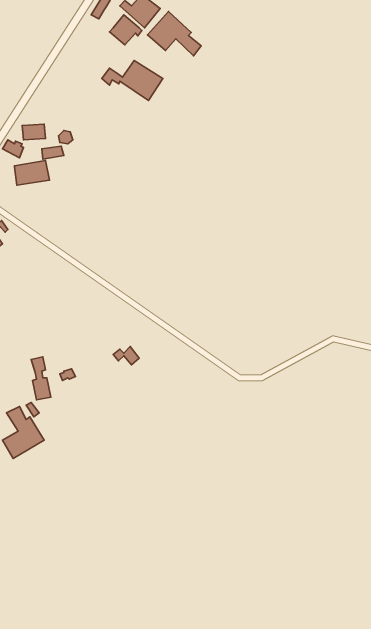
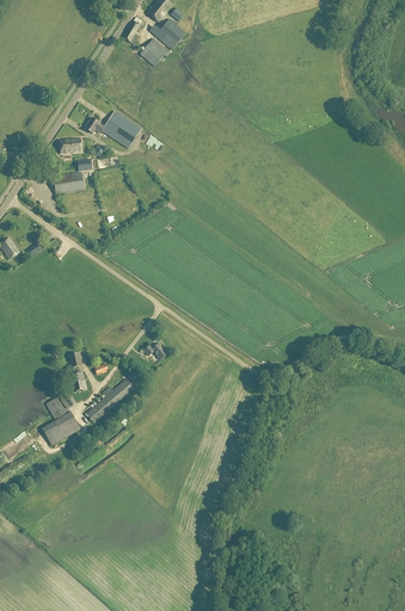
building: [148,12,201,56] -> none
building: [102,60,163,101] -> [85,111,141,148]
building: none -> [86,377,136,422]

